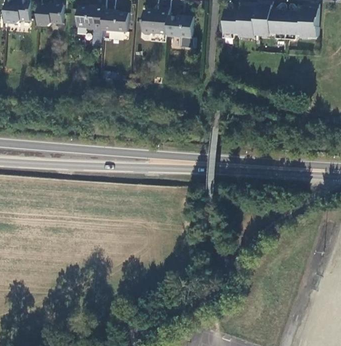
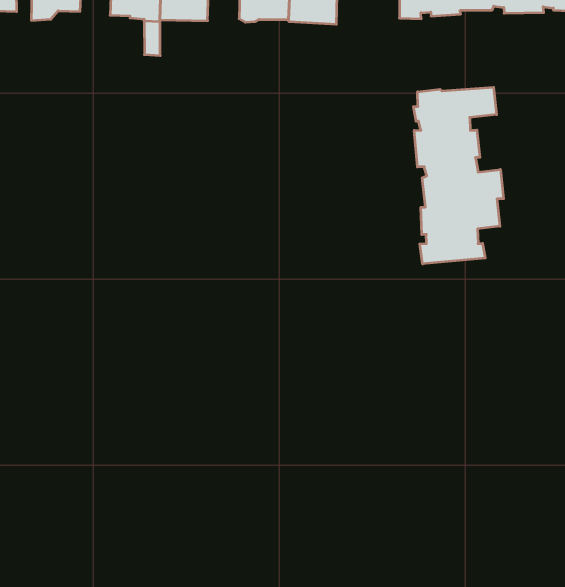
building: none -> [413,87,504,264]

